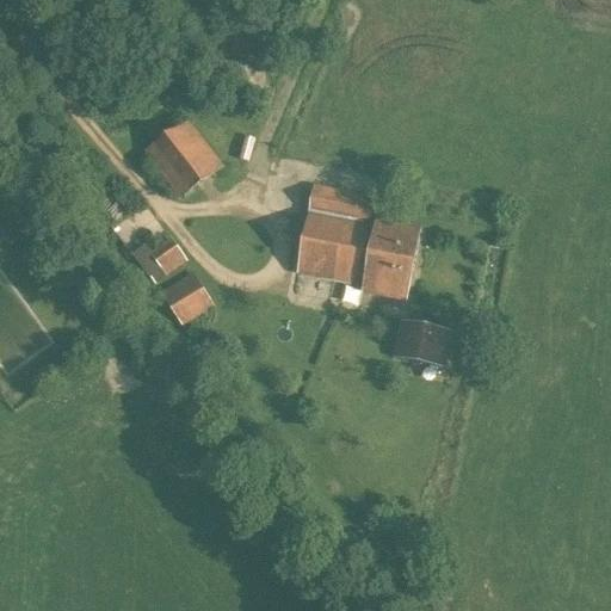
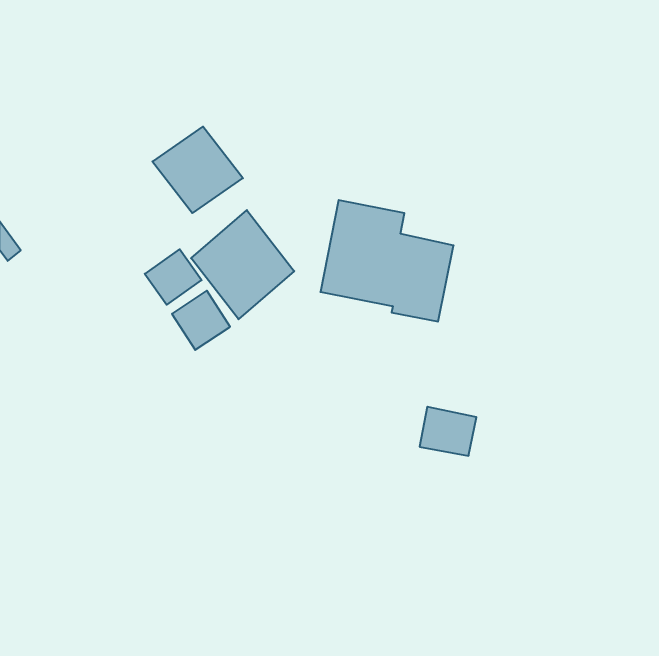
building: none -> [191,210,294,319]
building: [394,319,446,364] -> [420,407,476,456]

